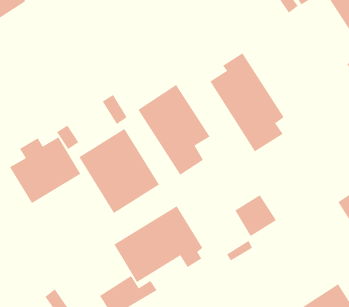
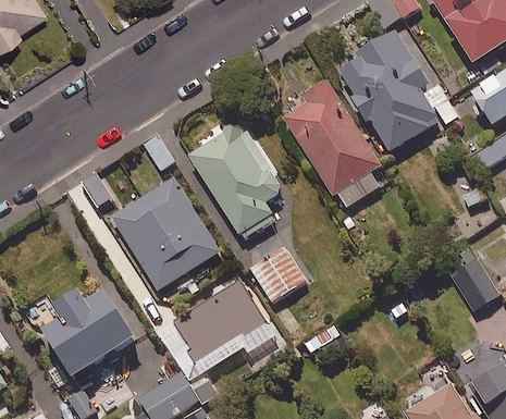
building: none -> [337,28,459,151]
building: [9,137,81,204] -> [41,287,136,375]
building: [234,195,277,237] -> [250,247,306,303]

